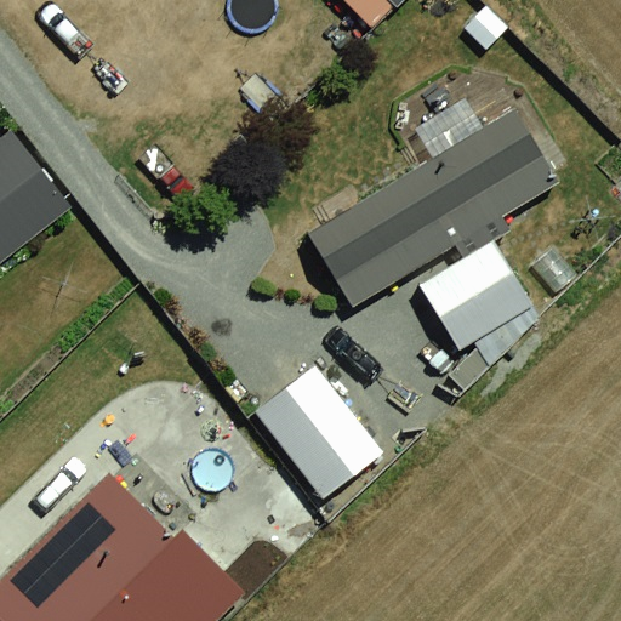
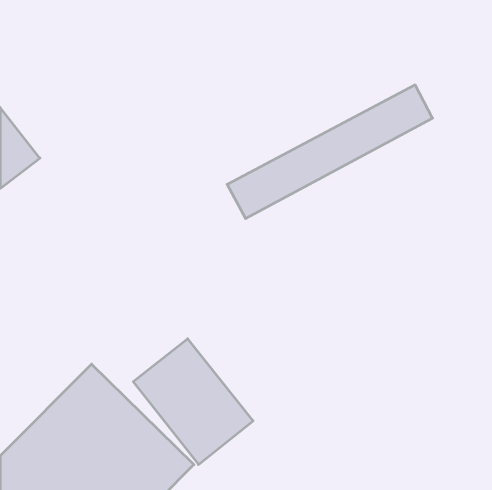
building: [409,251,540,382] -> none
building: [246,363,395,519] -> [133,339,253,465]

